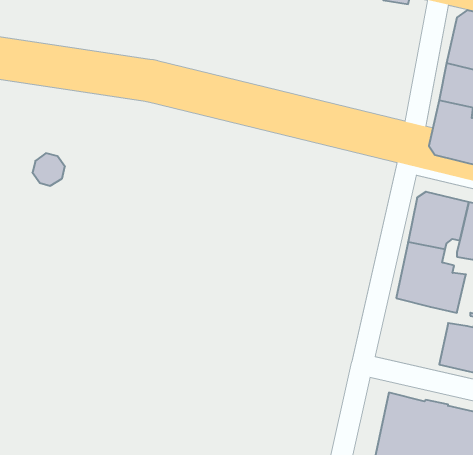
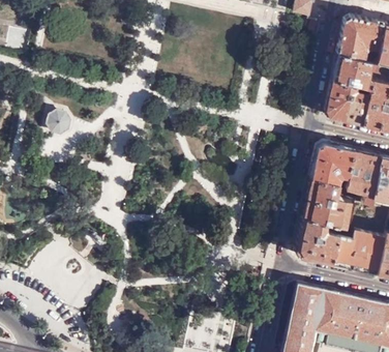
building: none -> [296,218,339,265]

